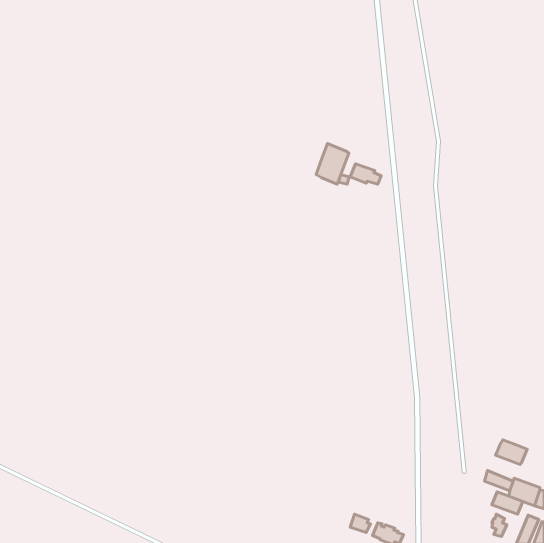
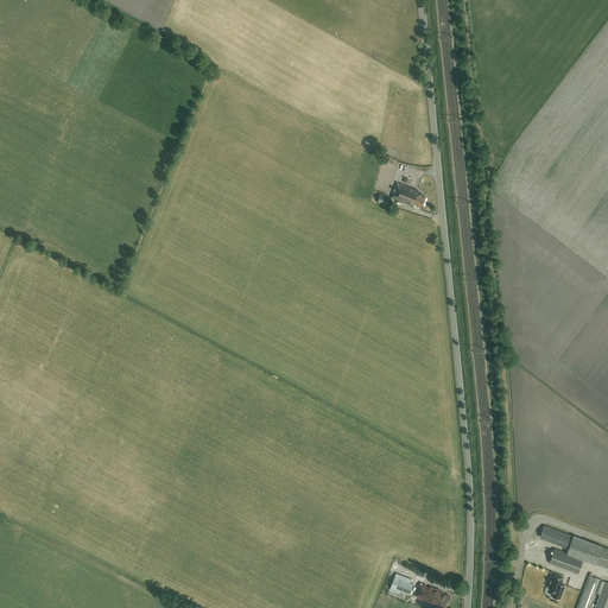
building: [316,143,349,184] -> none
building: [496,440,527,464] -> none

